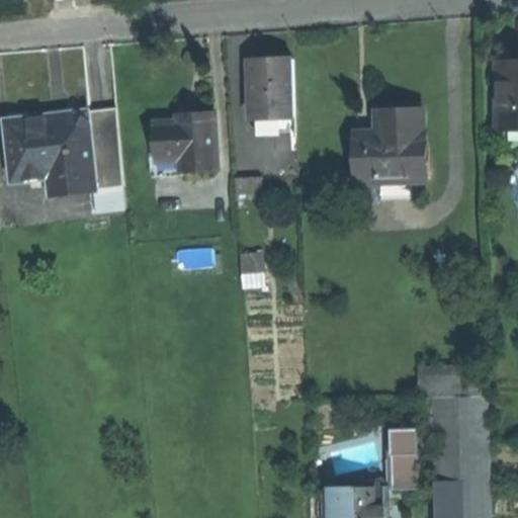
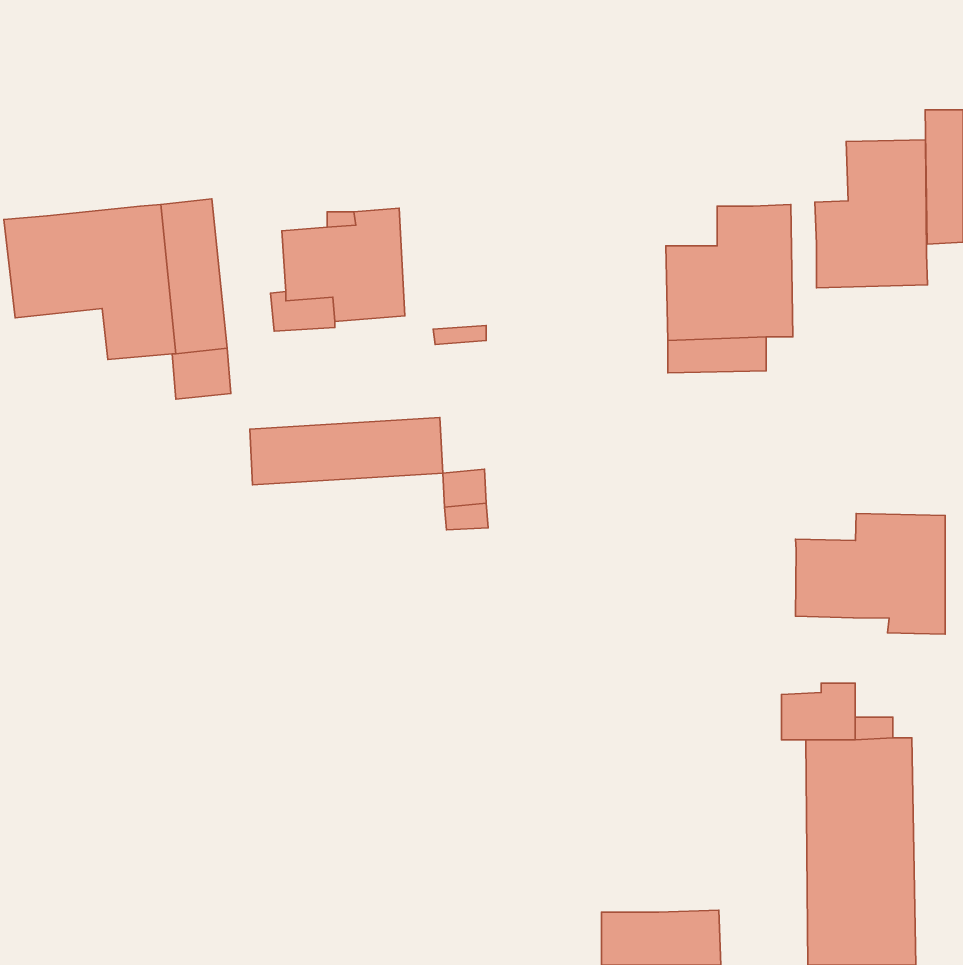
building: [248,58,293,126] -> none
building: none -> [815,140,927,288]
building: none -> [250,417,443,485]
building: none -> [795,513,945,634]
building: [388,428,416,490] -> none

